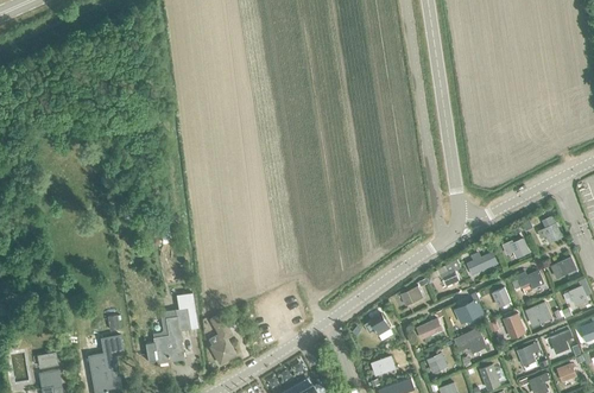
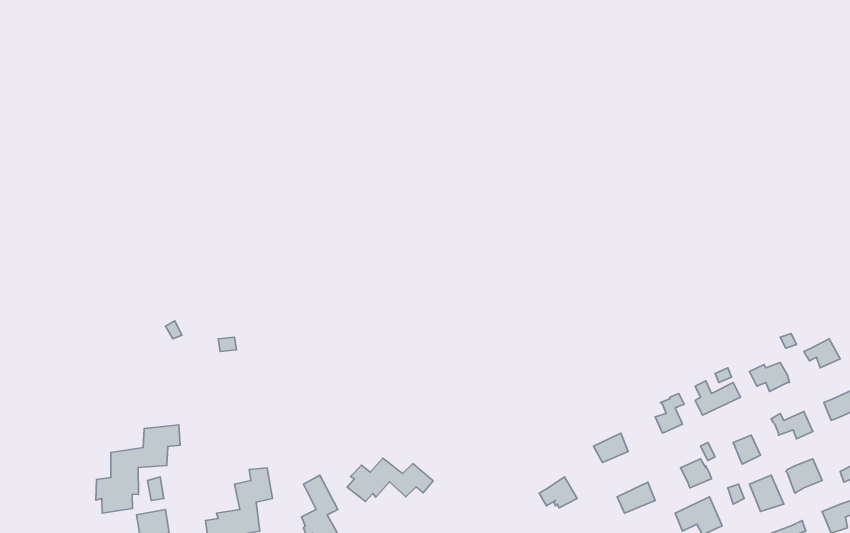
building: none -> [96,425,180,513]
building: none -> [347,458,433,502]

